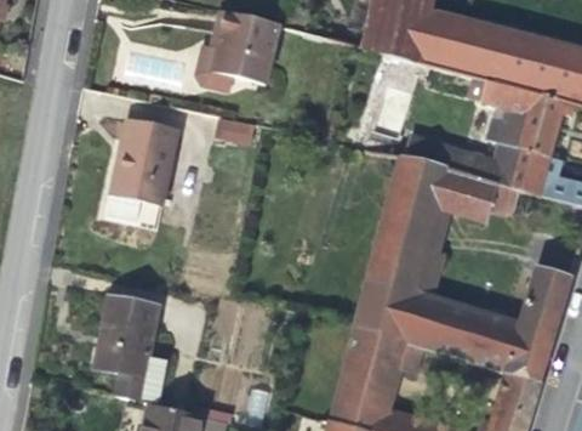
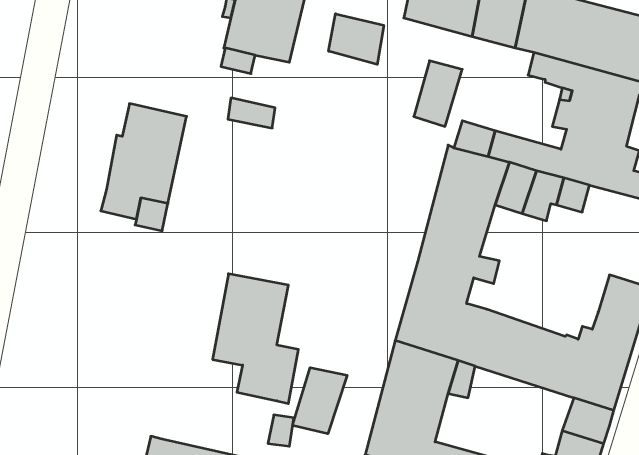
building: none -> [329,14,384,64]
building: [93,295,166,406] -> [213,274,298,404]
building: none -> [293,368,347,434]

